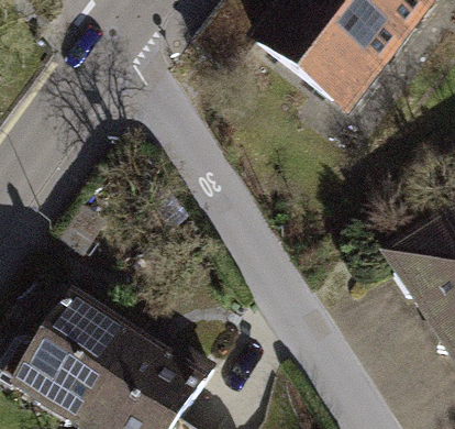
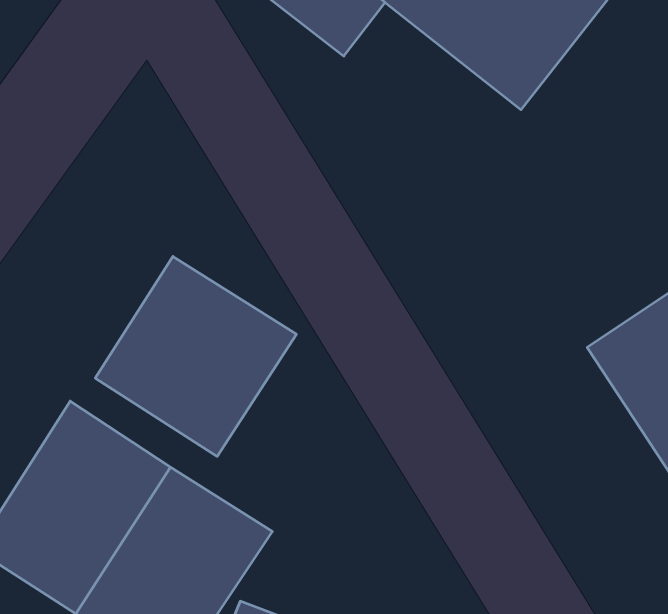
building: none -> [95,256,296,456]

